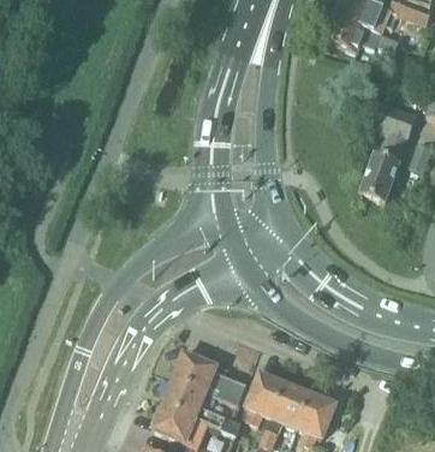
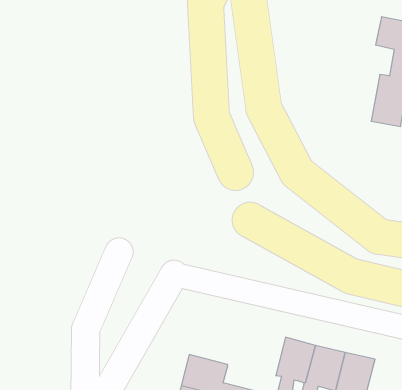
building: [172,353,245,405] -> none

